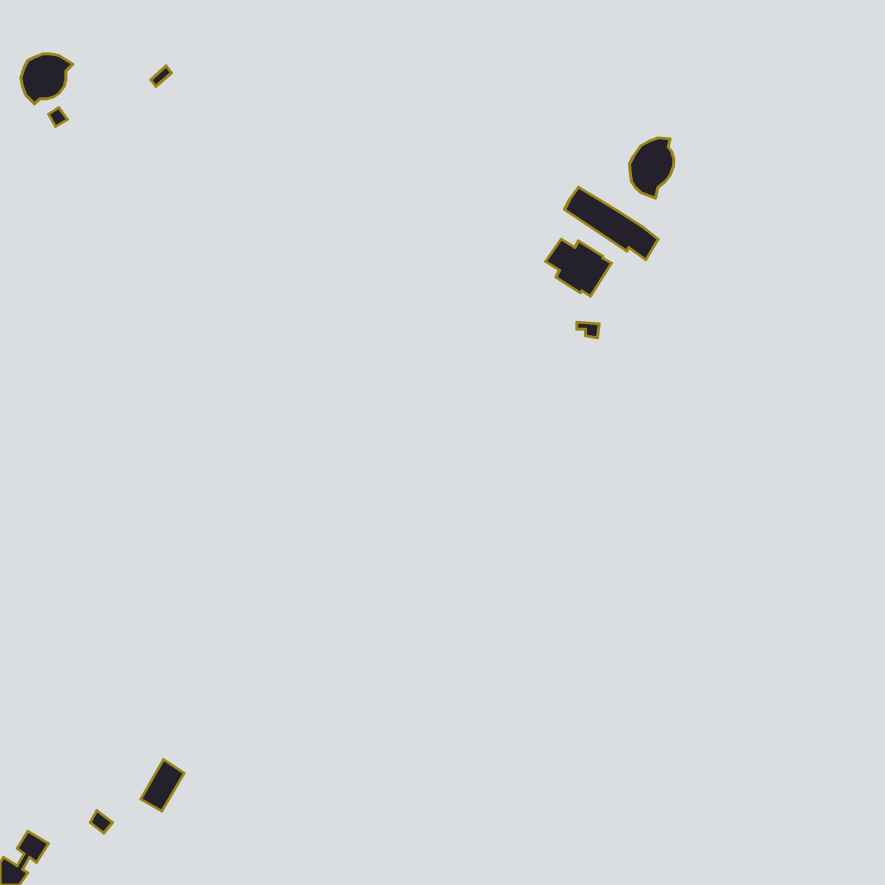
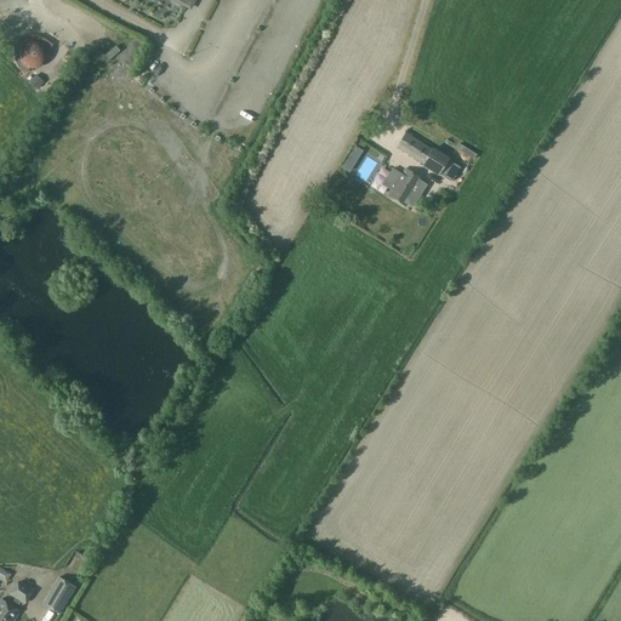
building: [629,138,674,198] -> none
building: [141,759,184,811] -> [44,577,74,614]

